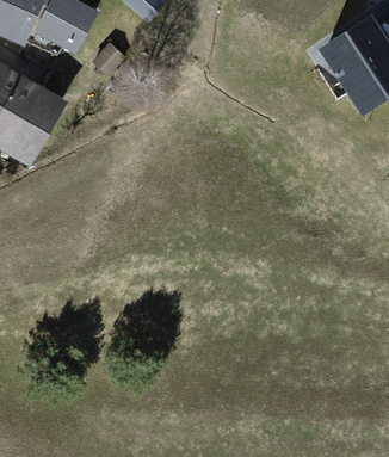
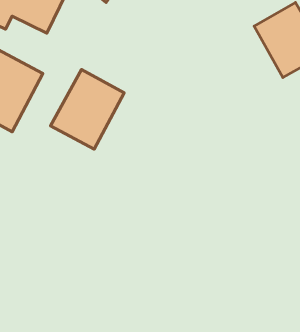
building: none -> [51,70,124,149]

